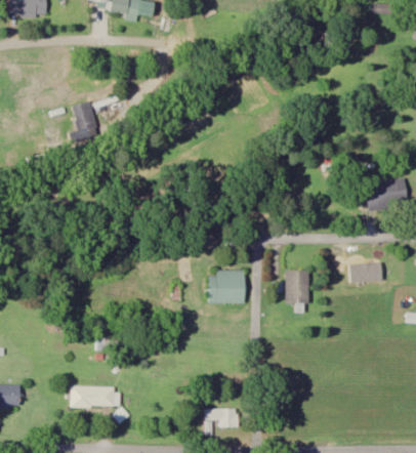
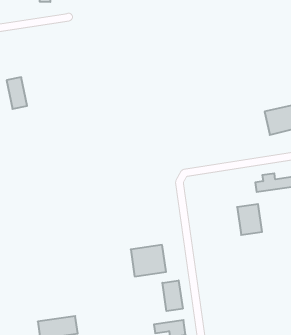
building: [285,271,309,303] -> [237,204,262,235]
building: [209,272,246,303] -> [131,245,166,276]
building: none -> [162,280,183,311]

